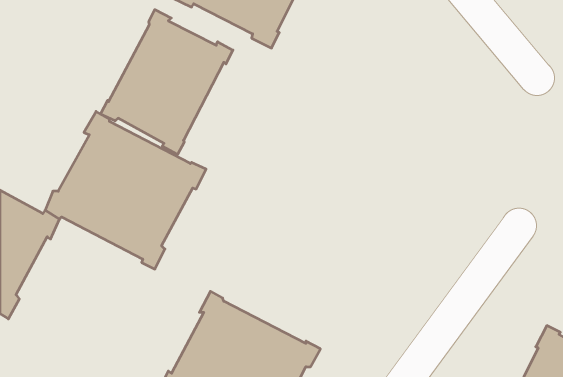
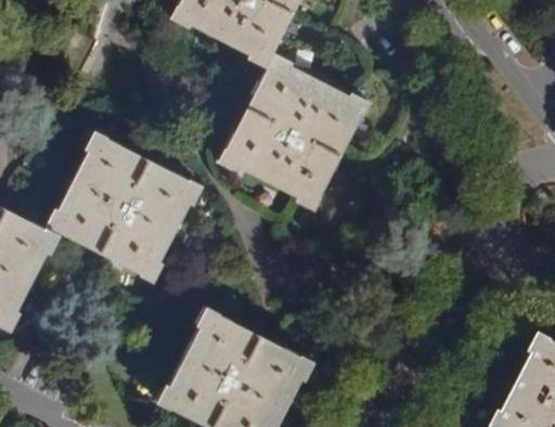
building: [101,10,233,154] -> none
building: none -> [218,53,370,210]

